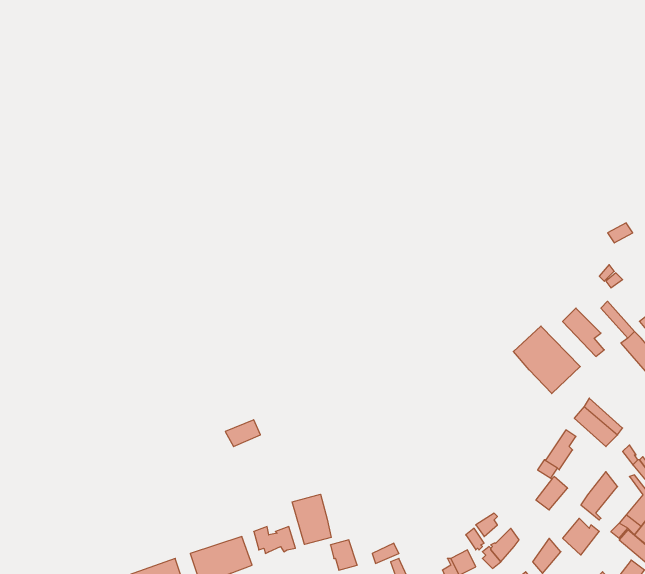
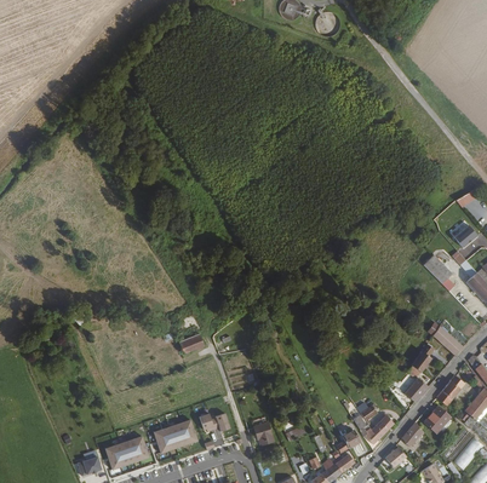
building: [513,326,580,394] -> none
building: [292,494,331,544] -> none

